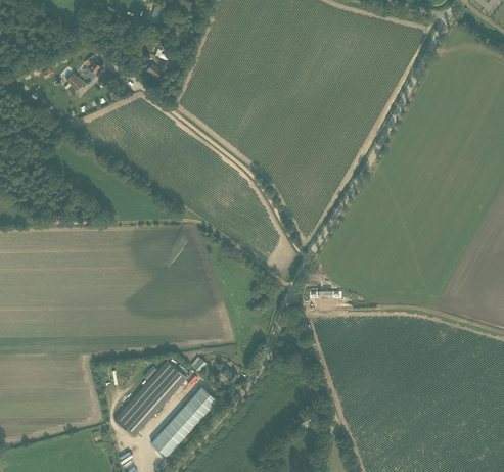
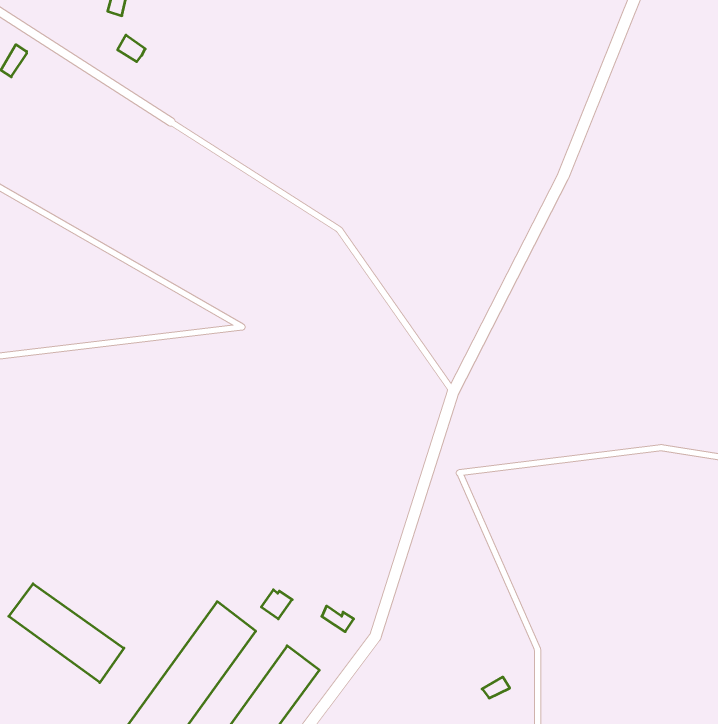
building: none -> [9,584,124,683]

